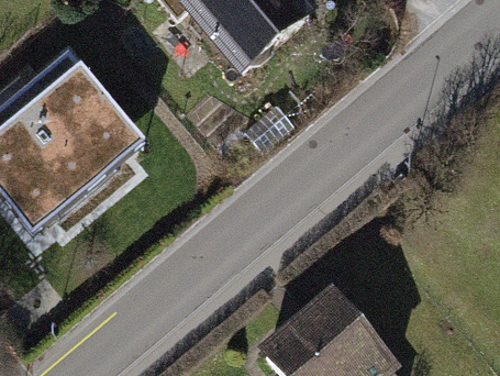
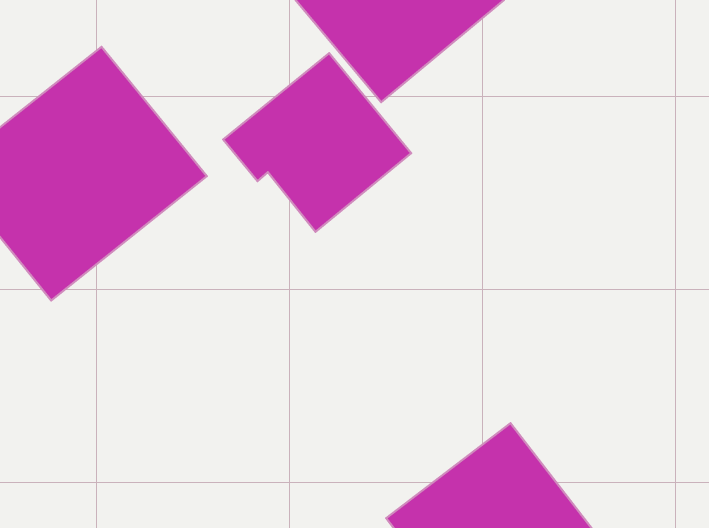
building: none -> [223,53,411,232]

